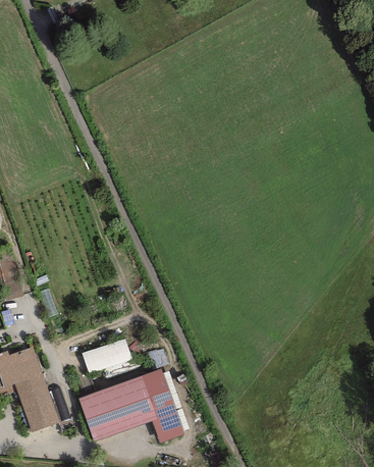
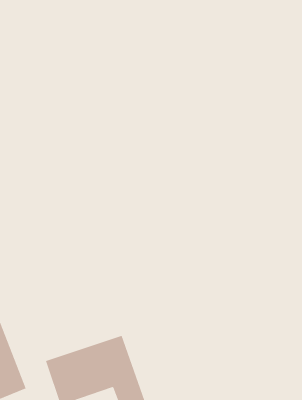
building: [82,335,131,371] -> none

